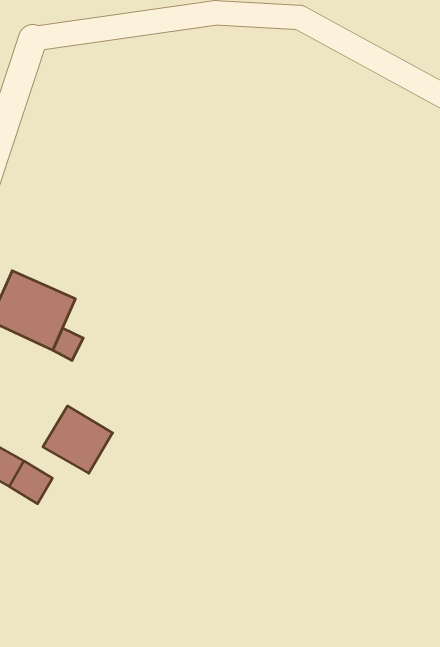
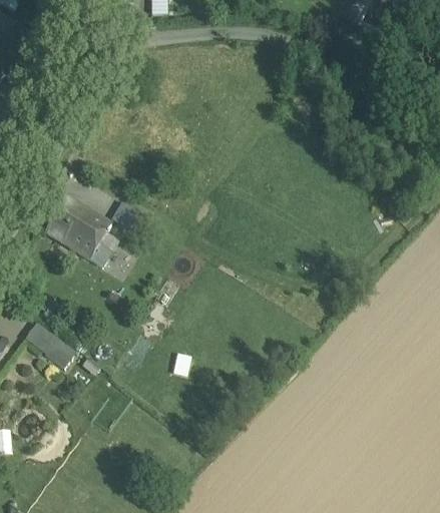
building: [43,406,113,473] -> none

